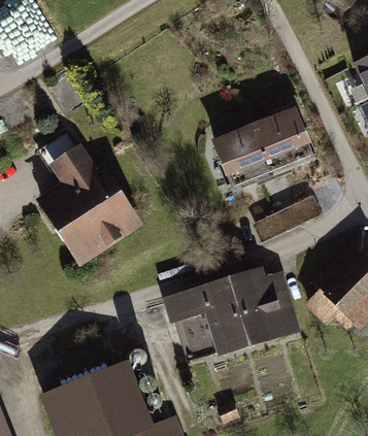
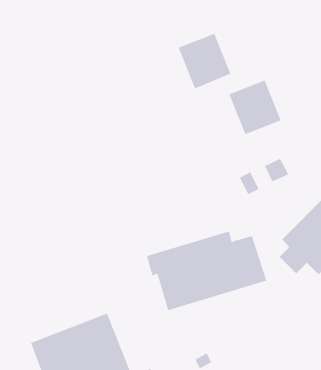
building: [216,128,273,188] -> [178,33,231,89]
building: [38,131,136,256] -> none

